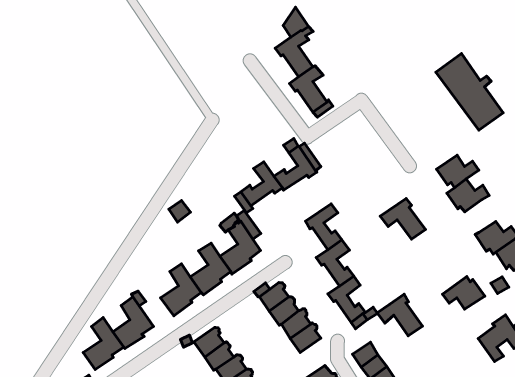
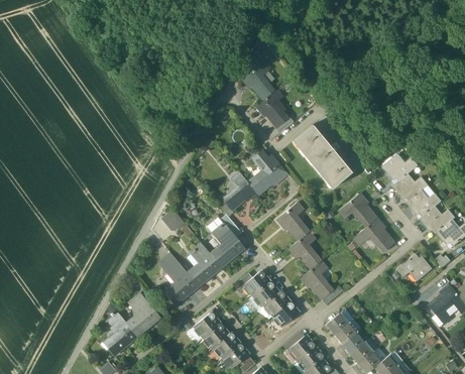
building: [436,53,503,130] -> [294,125,352,188]
building: none -> [406,190,442,217]
building: [377,294,422,336] -> [357,218,395,252]

